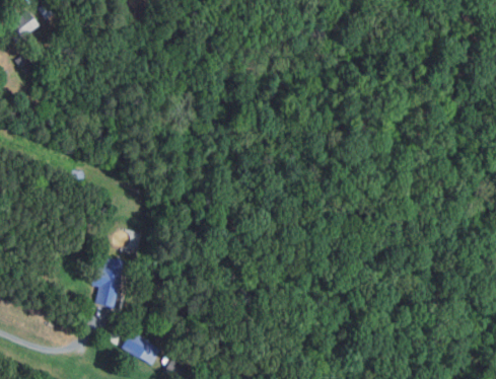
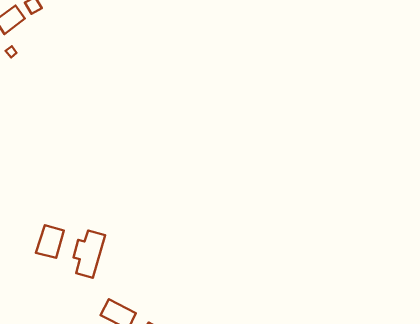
building: none -> [36,225,64,258]

